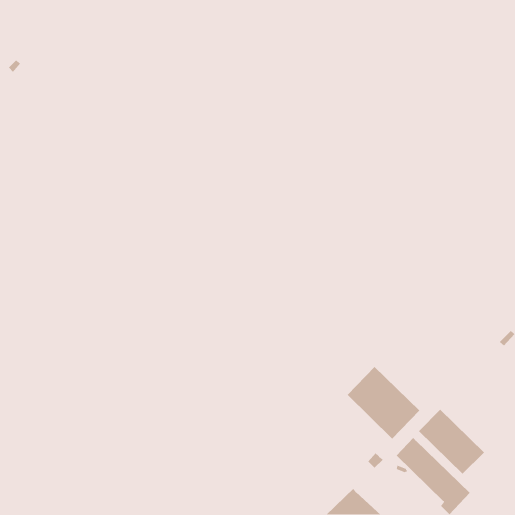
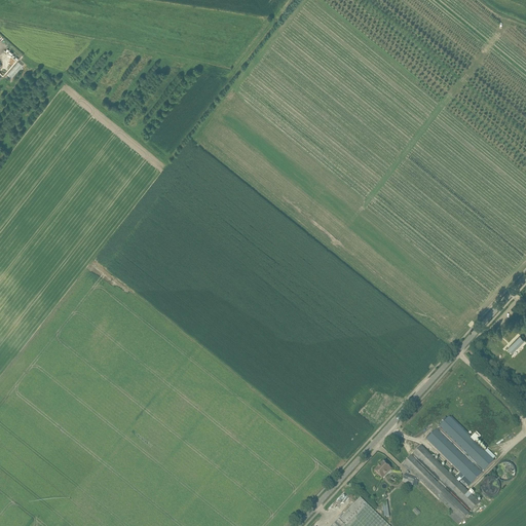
building: [347,366,420,439] -> none

